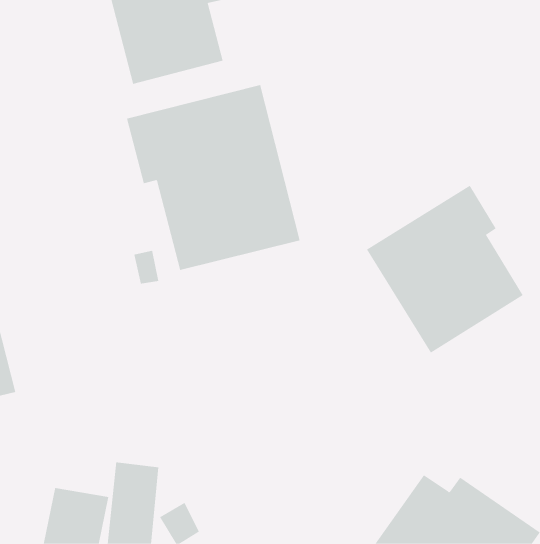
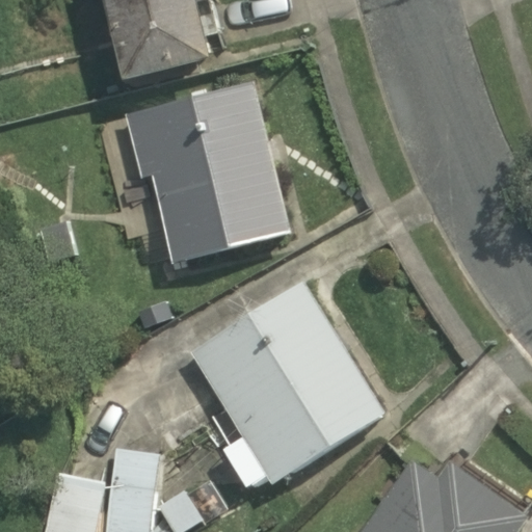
building: [366,185,523,353] -> none
building: none -> [187,282,383,484]

